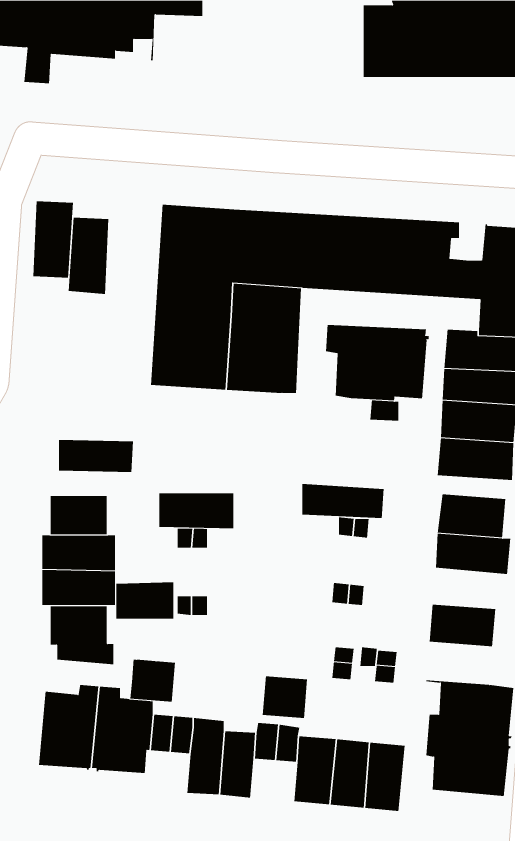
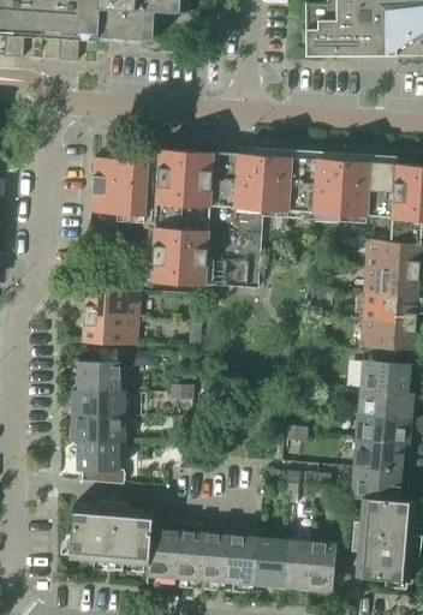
building: [33,201,74,278] -> [118,160,148,216]
building: [325,324,430,401] -> none
building: [302,483,384,519] -> none
building: [158,493,234,529] -> [83,295,138,322]
building: none -> [356,414,411,444]
building: [116,582,174,619] -> none
building: none -> [351,468,400,500]
building: [130,659,176,702] -> [145,548,179,579]
building: [262,676,308,719] -> [224,554,257,585]

